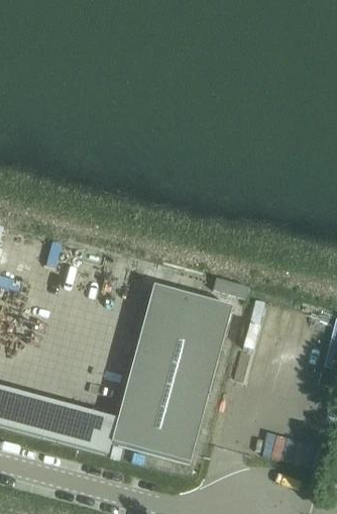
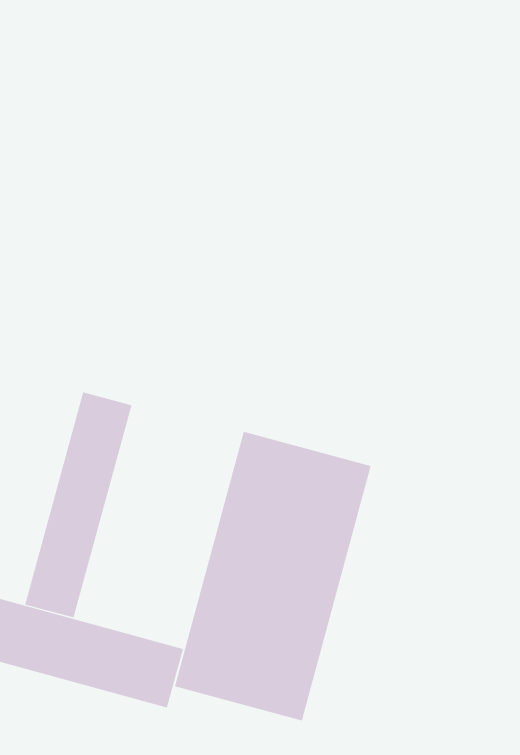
building: none -> [25,391,132,618]

